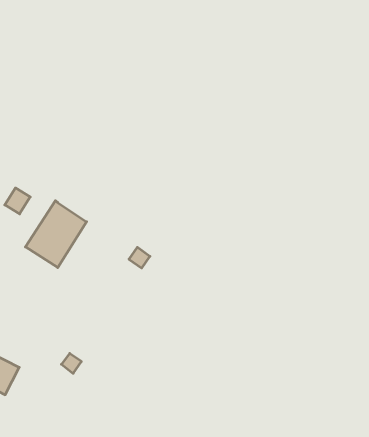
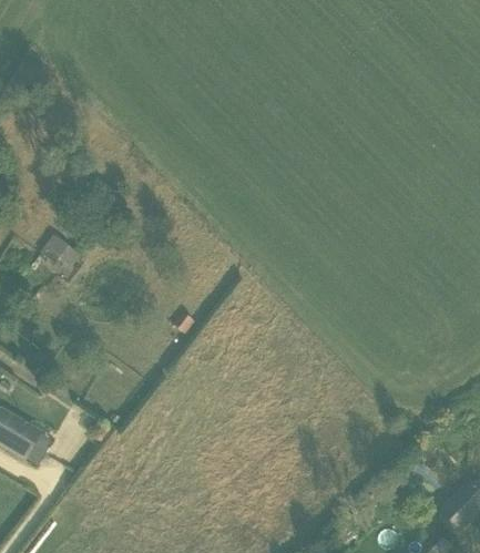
building: [25,201,87,268] -> none

